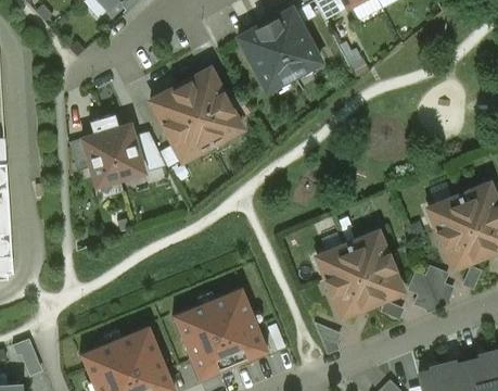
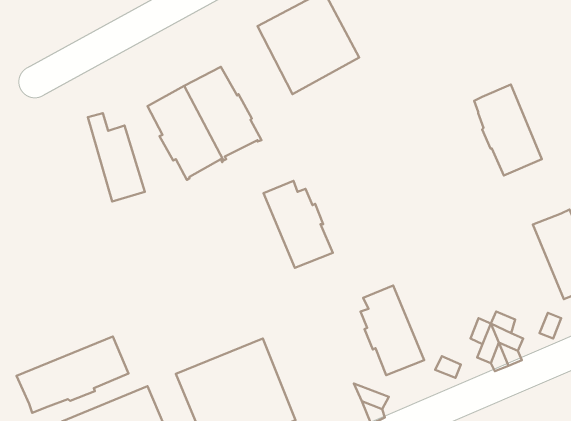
building: [80,110,122,185] -> none
building: [429,196,483,268] -> [474,85,542,176]
building: [346,235,401,304] -> [264,181,333,268]
building: none -> [17,337,128,413]

